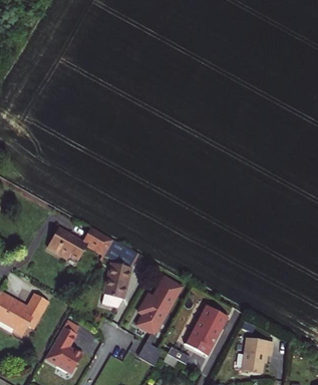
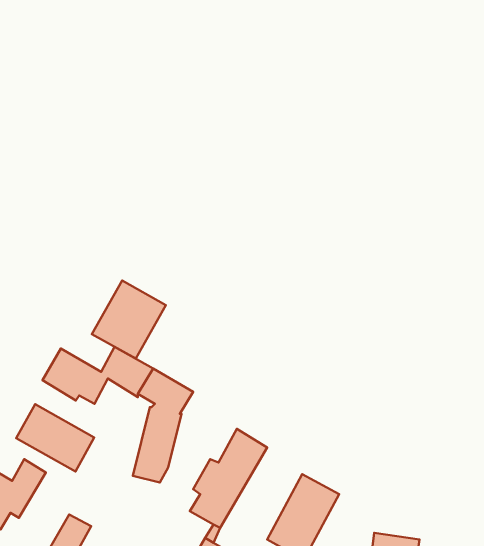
building: none -> [92,281,166,359]
building: none -> [16,404,94,471]

